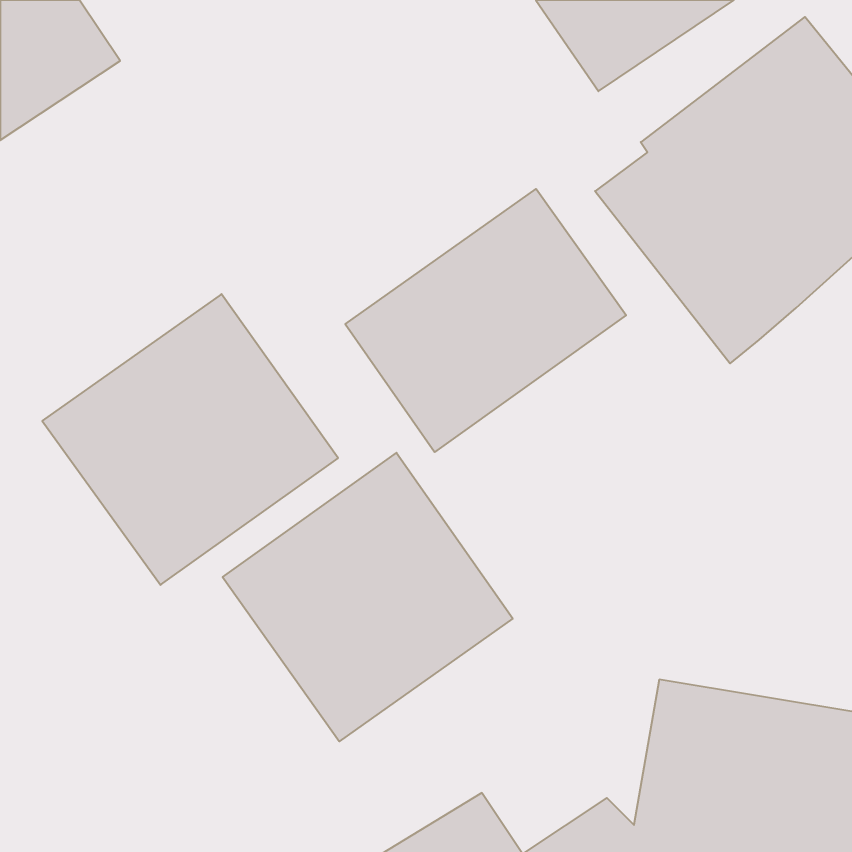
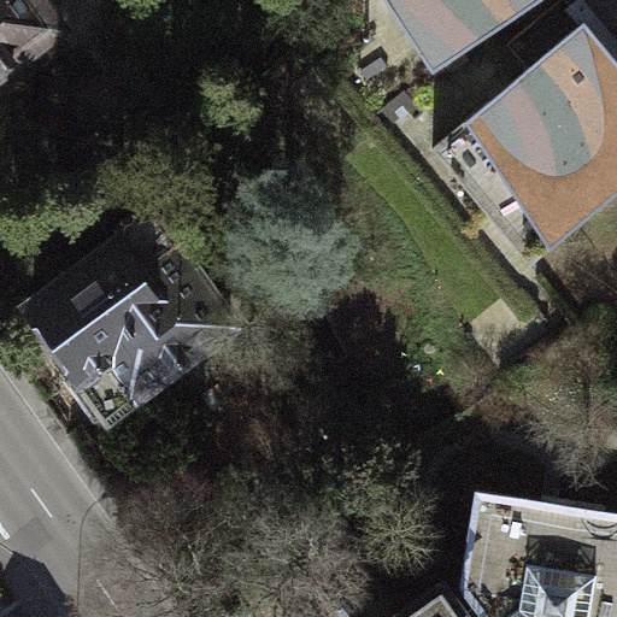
building: [345,189,626,452] -> none
building: [223,453,513,741] -> none

